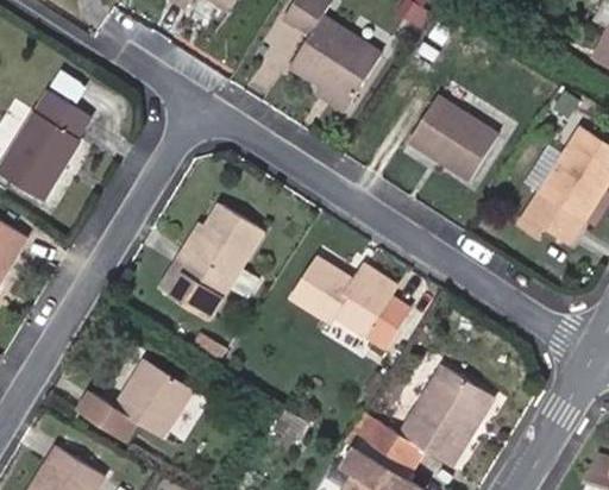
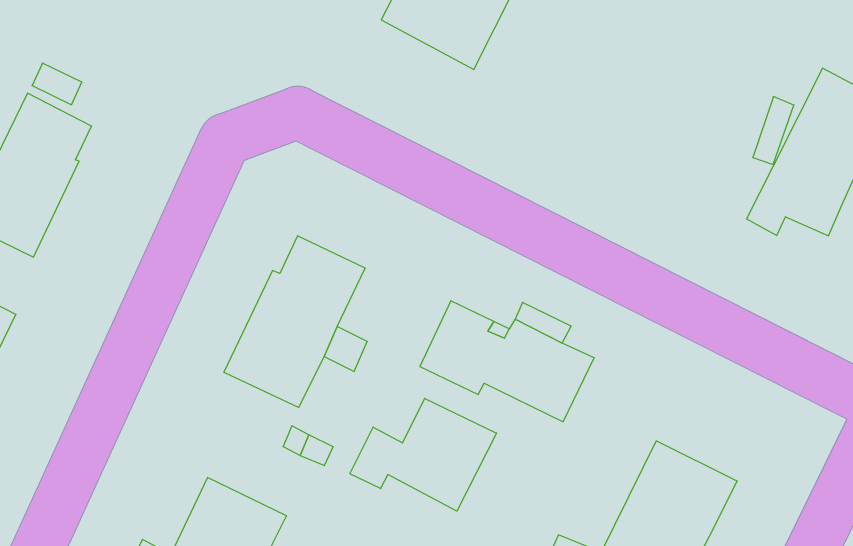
building: [408,95,497,180] -> none
building: none -> [350,398,497,511]

